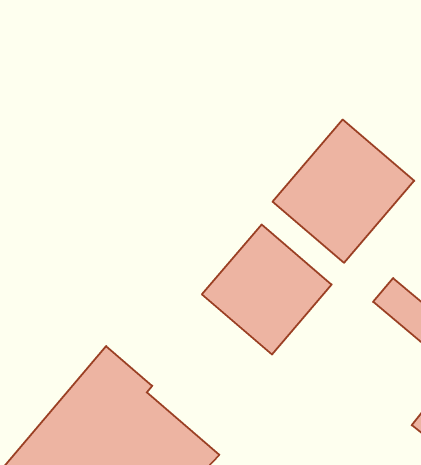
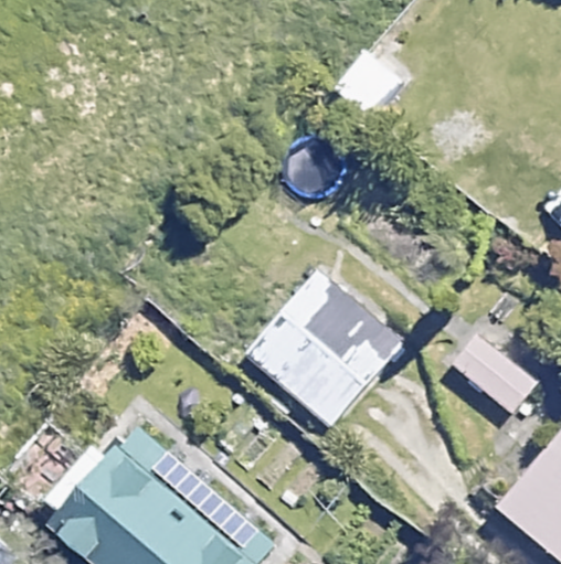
building: [273,120,414,263] -> none

